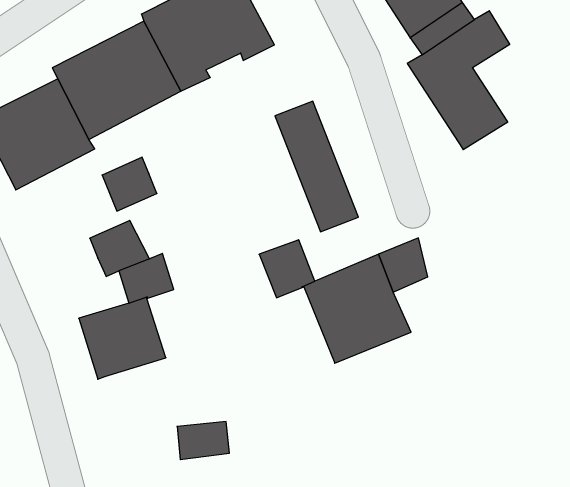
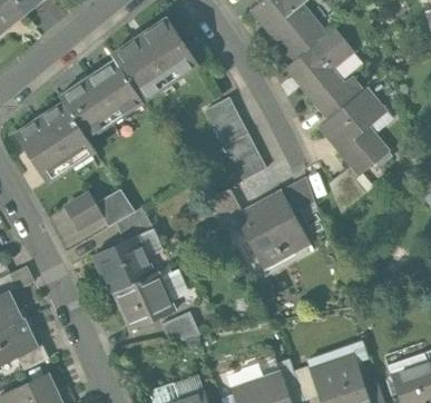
building: none -> [324,88,389,174]
building: [102,157,157,211] -> [65,193,101,229]
building: none -> [115,272,174,328]

